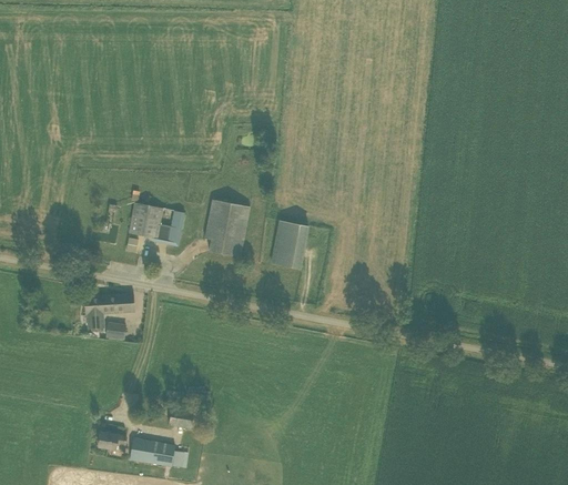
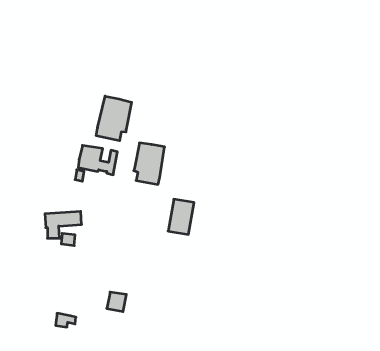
building: none -> [96,96,132,141]
building: [272,221,307,269] -> [168,199,194,234]
building: [131,438,184,467] -> none

